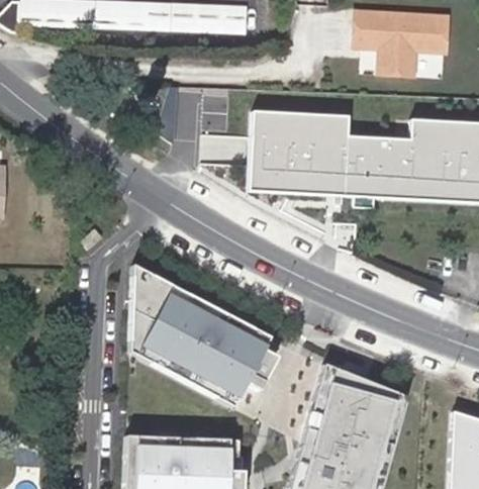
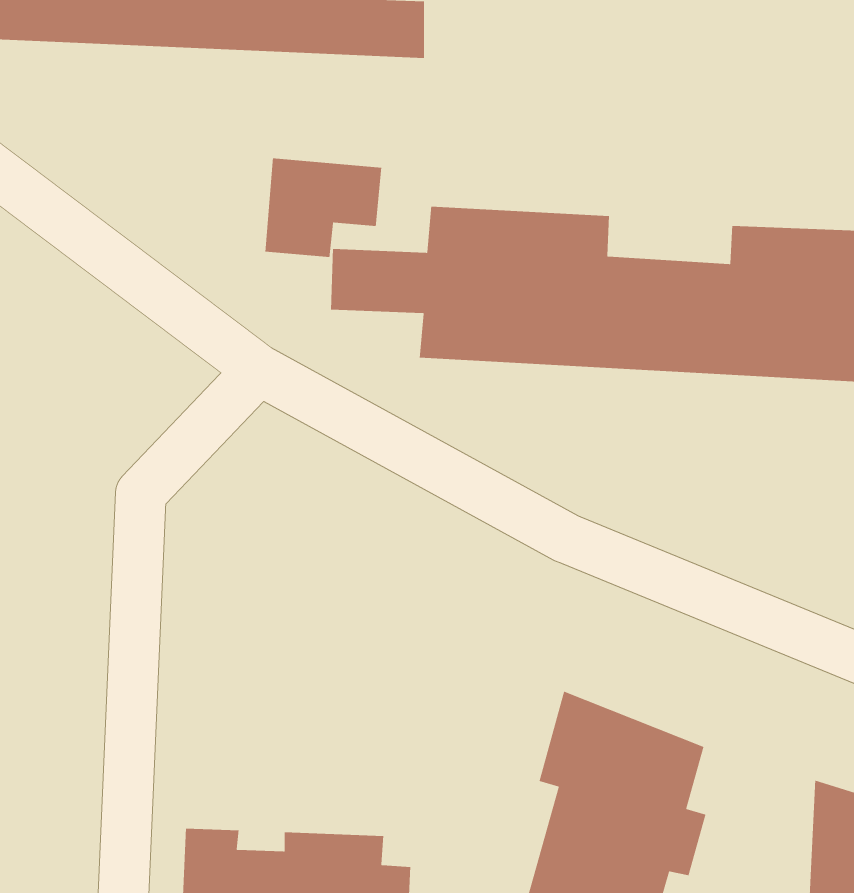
building: [353,8,448,75] -> none
building: [128,274,280,406] -> none

